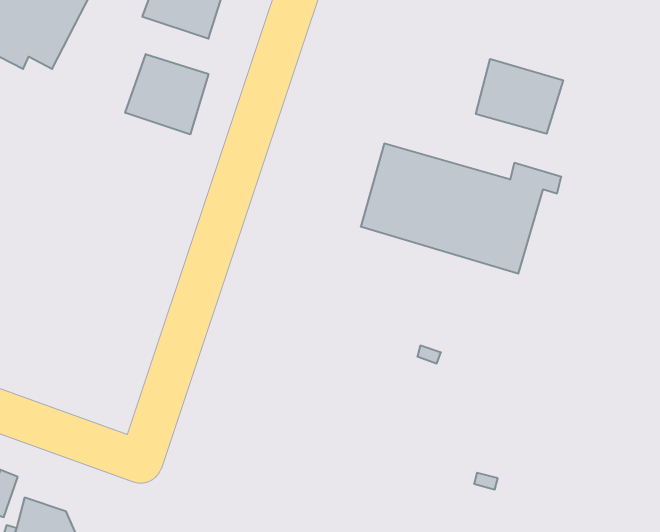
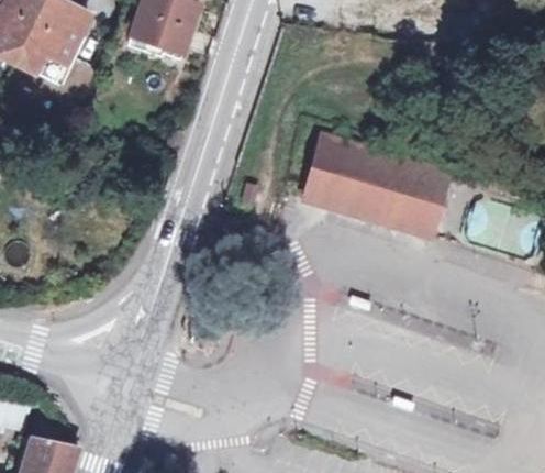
building: [125,54,208,134] -> none
building: [476,59,563,134] -> none

